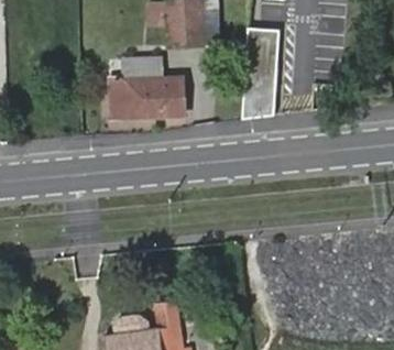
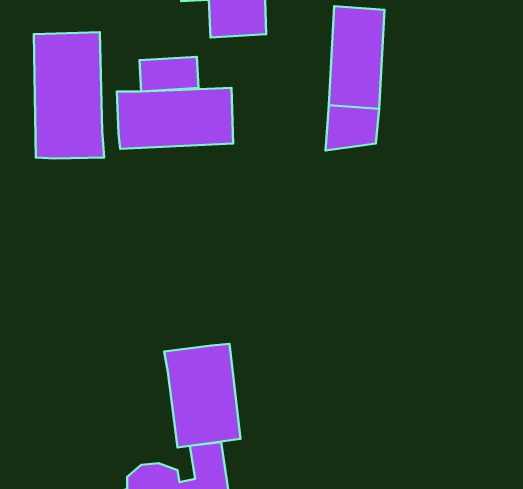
building: none -> [34,32,104,158]
building: none -> [164,344,241,447]

